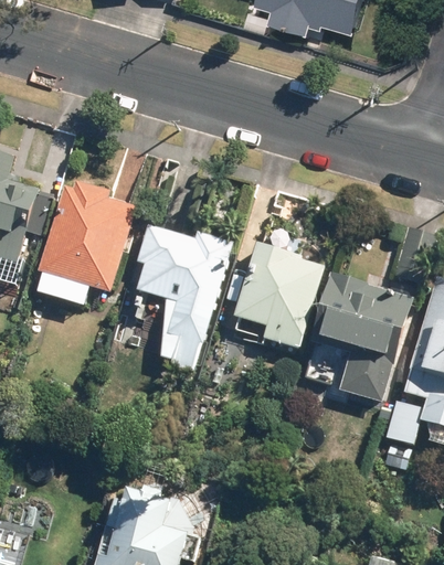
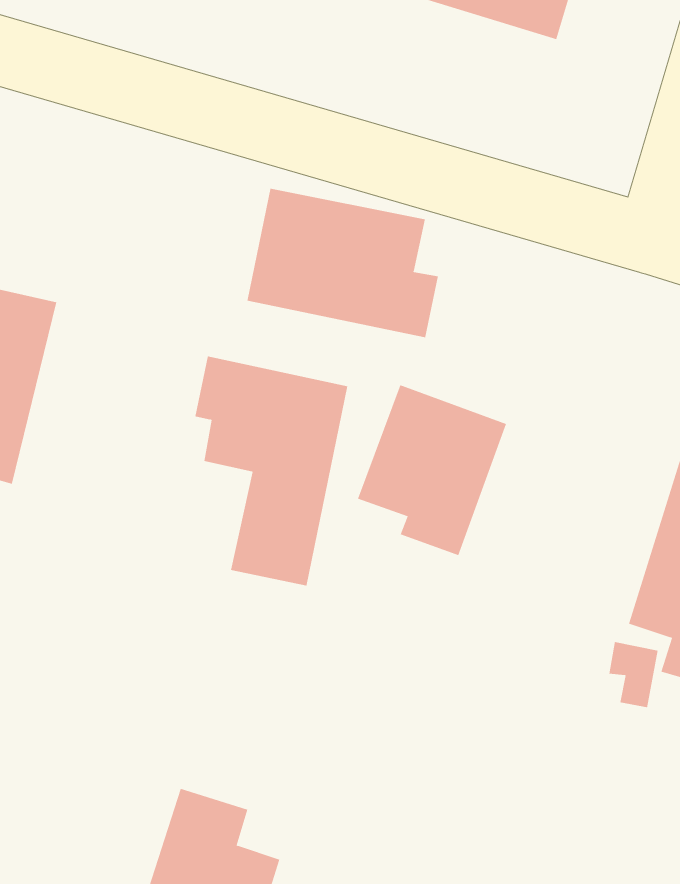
building: none -> [247,188,439,338]
building: [34,182,137,313] -> none
building: [318,277,404,399] -> none

